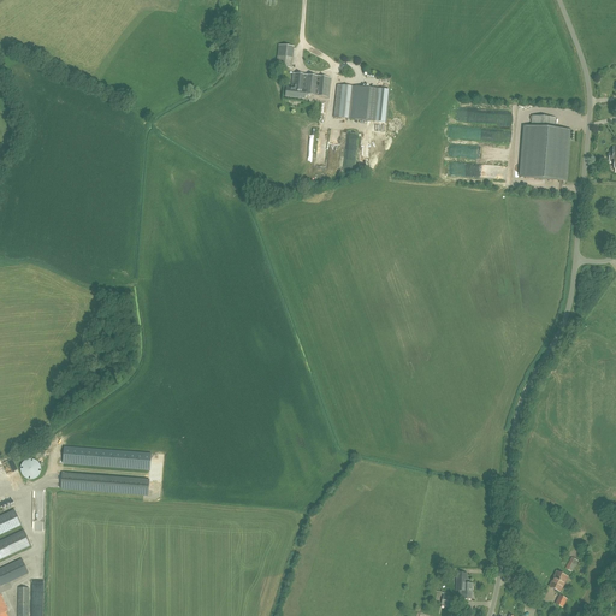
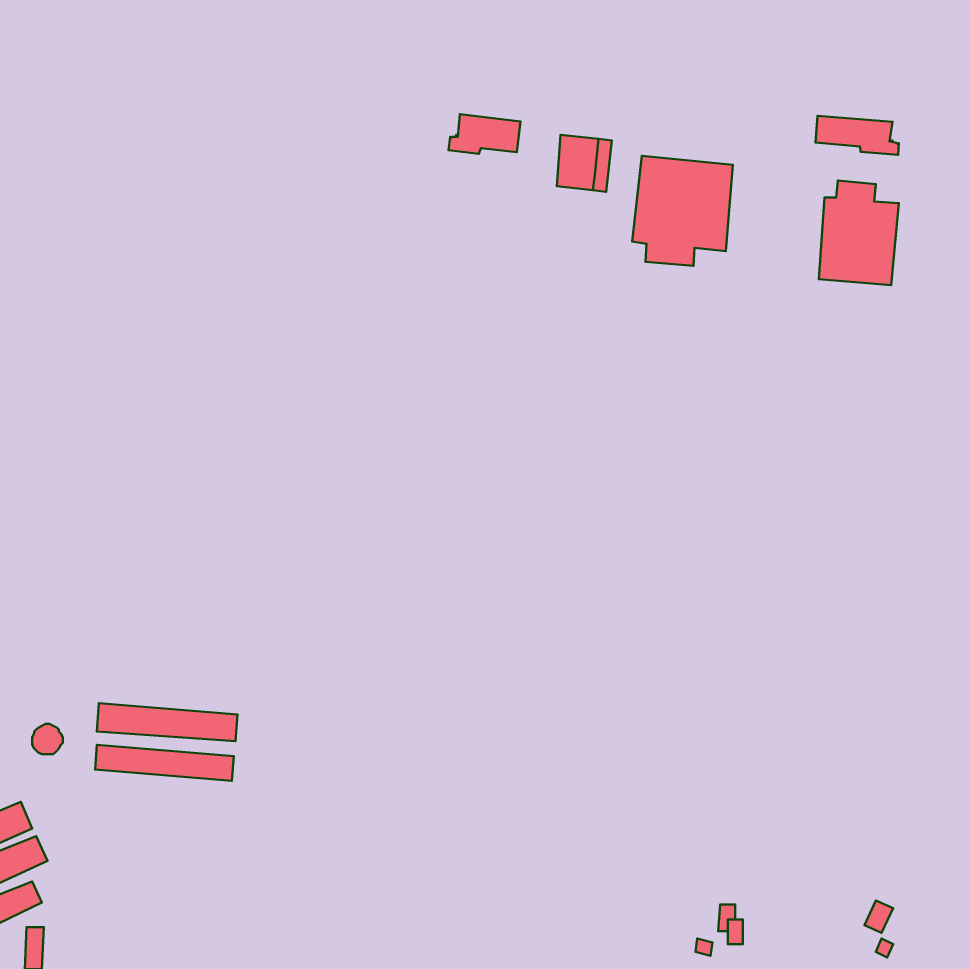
building: none -> [816,116,899,155]
building: [333,84,355,118] -> none
building: none -> [632,156,733,266]

